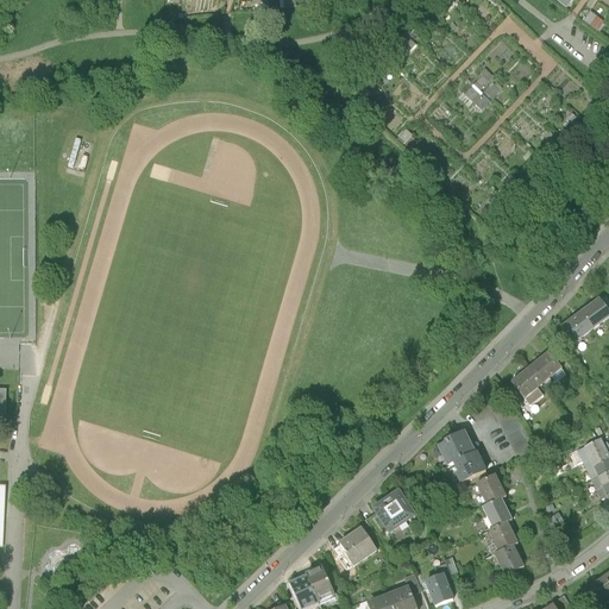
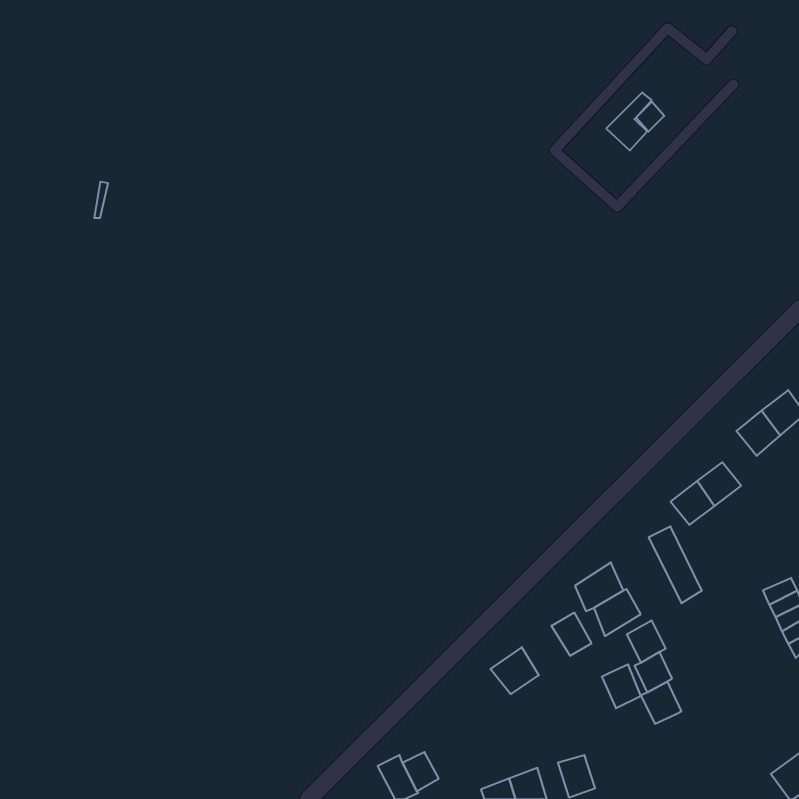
building: none -> [551,613,591,656]
building: [332,523,377,569] -> none
building: [494,542,523,576] -> [602,664,641,708]

